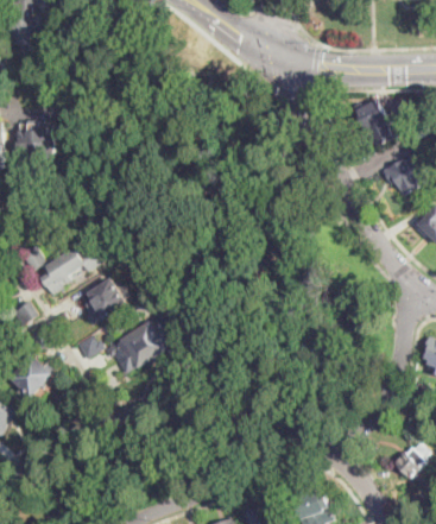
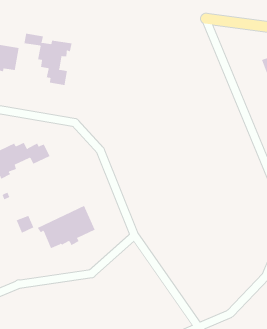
building: none -> [24,33,72,86]
building: [82,278,128,322] -> none

